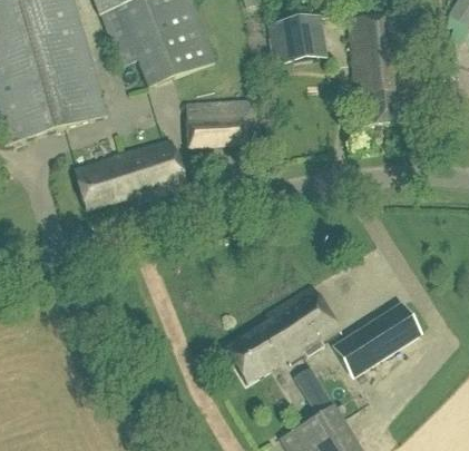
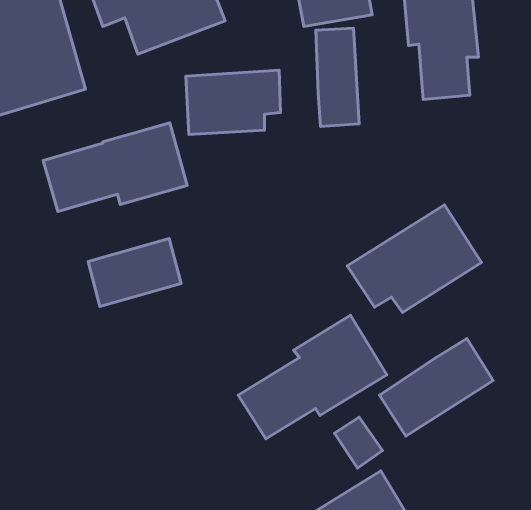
building: none -> [316,28,359,126]
building: none -> [347,205,482,312]
building: none -> [88,238,181,307]

